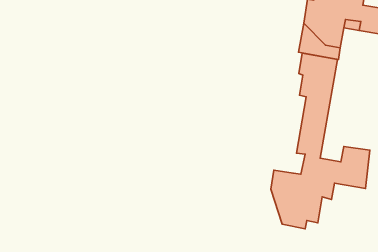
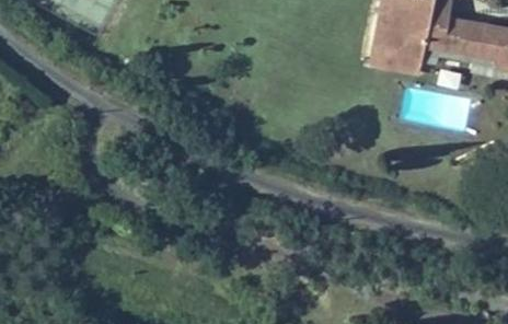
building: [271,53,370,229] -> none

